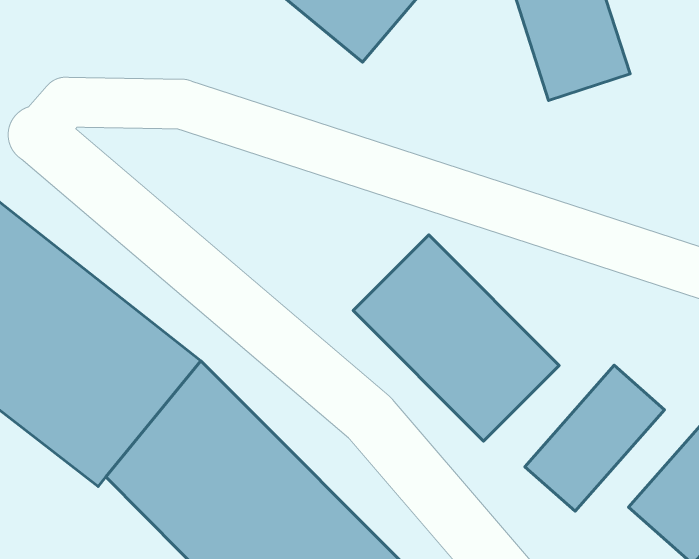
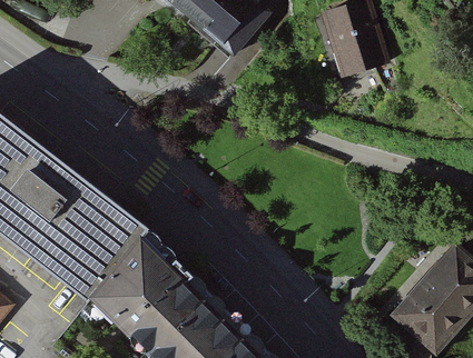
building: [353,235,559,441] -> none
building: [525,365,665,511] -> none

